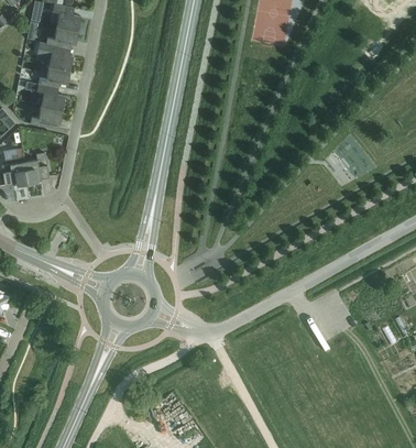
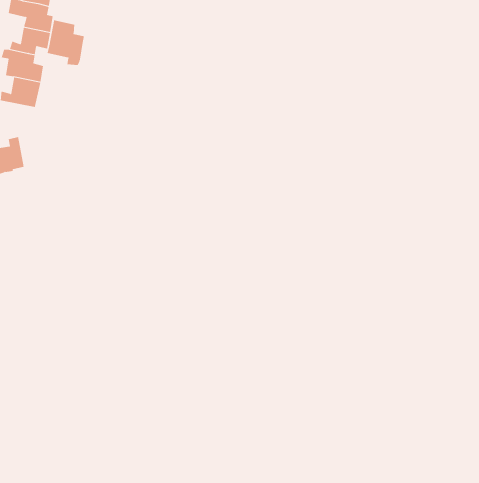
building: none -> [47,19,84,66]

